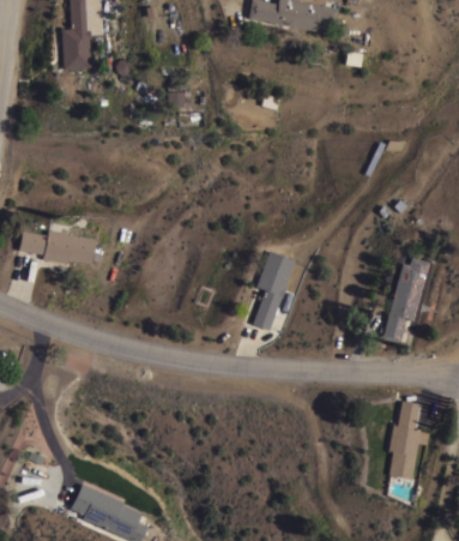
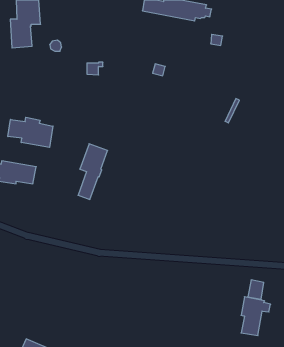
building: none -> [8,117,53,147]
building: [253,251,295,330] -> [78,144,108,199]
building: [381,257,430,344] -> none

